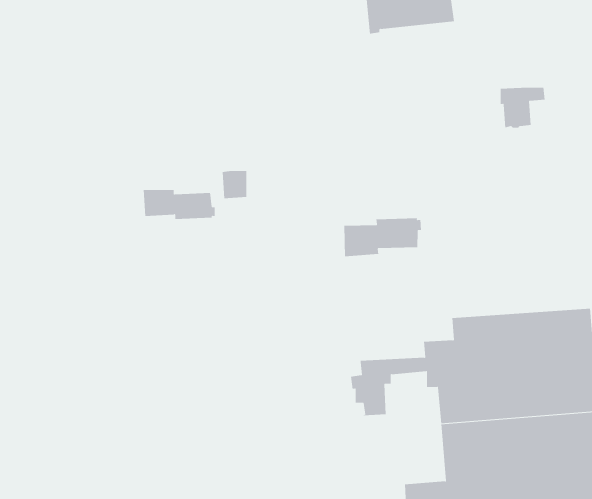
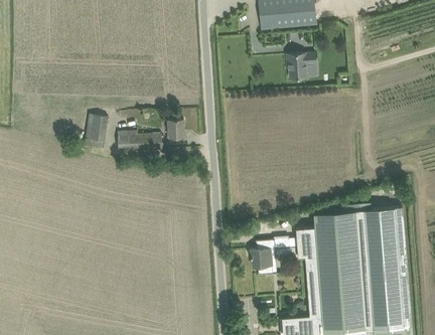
building: [500,87,546,128] -> [286,52,315,78]
building: none -> [85,113,108,147]
building: [344,218,422,257] -> none

